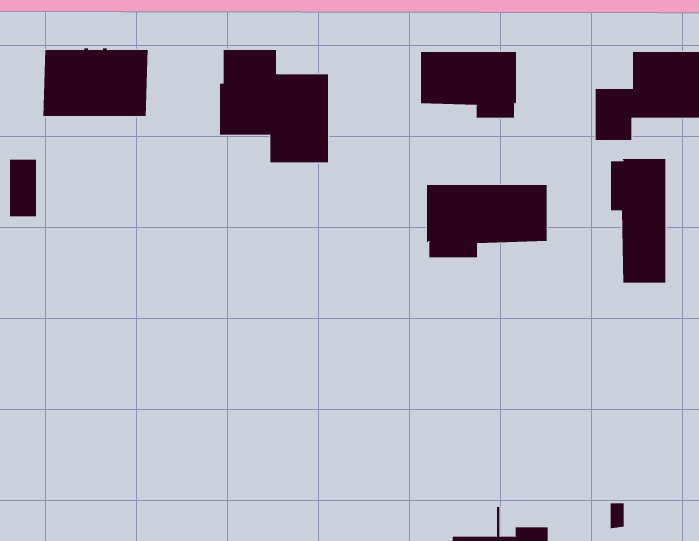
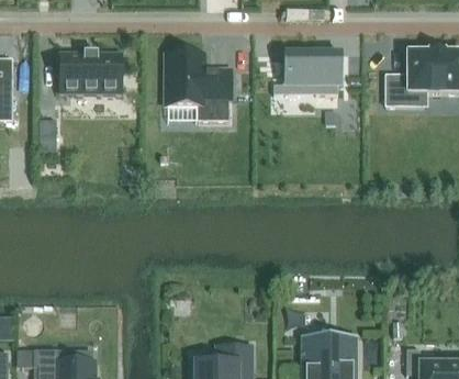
building: [611,158,666,283] -> none
building: [427,184,547,258] -> none

